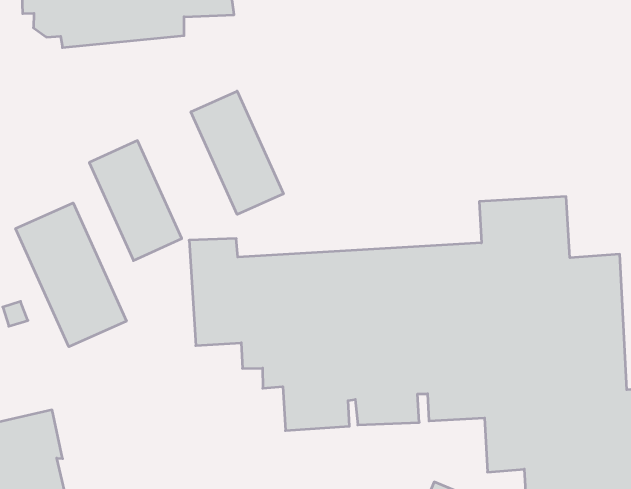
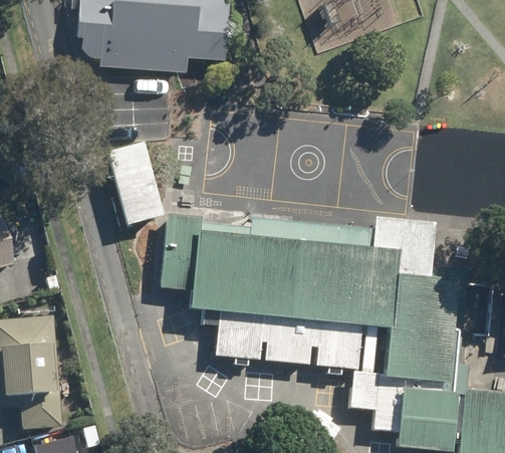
building: [191,91,283,214] -> none
building: [16,203,126,347] -> none

